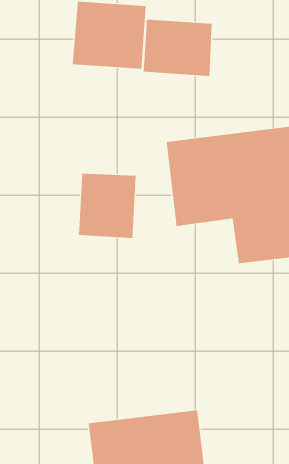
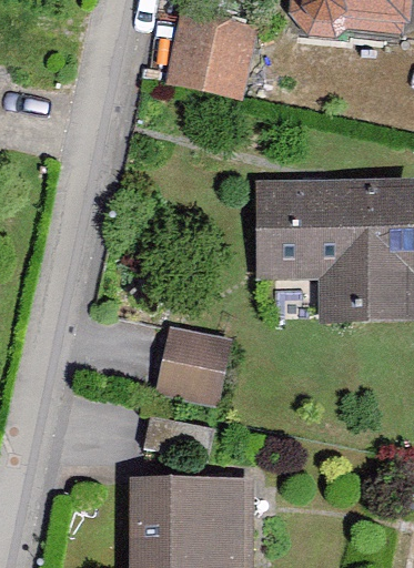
building: [143,19,212,77] -> none
building: [78,173,137,239] -> [153,328,226,408]

